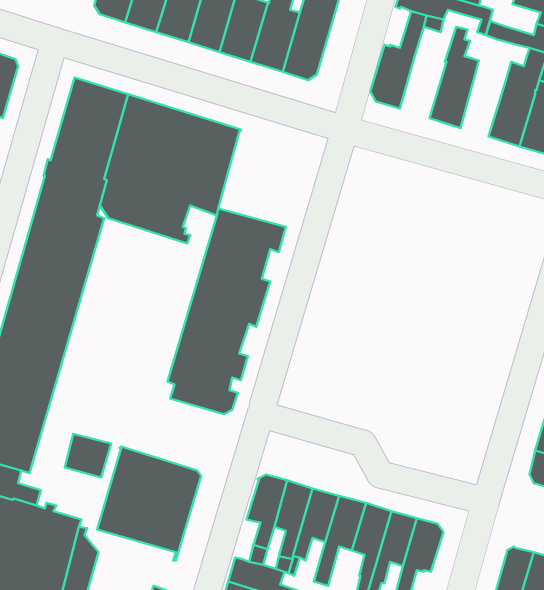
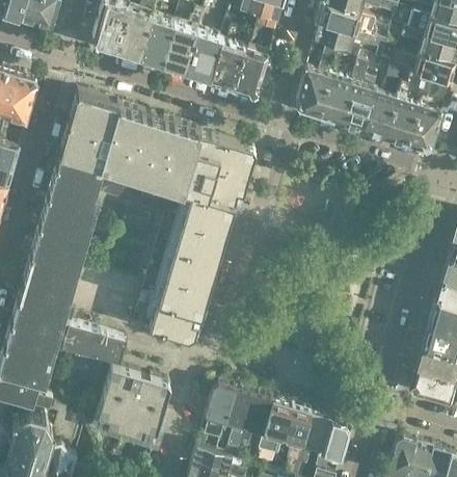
building: none -> [362,68,404,139]
building: none -> [318,78,352,126]
building: none -> [184,136,254,206]
building: none -> [61,326,128,366]

